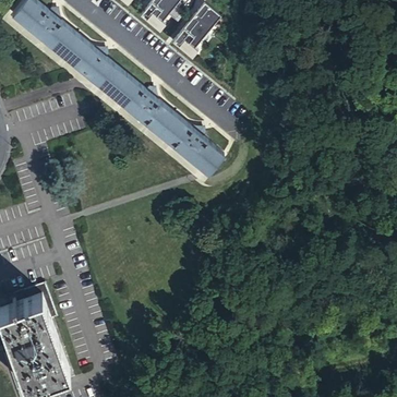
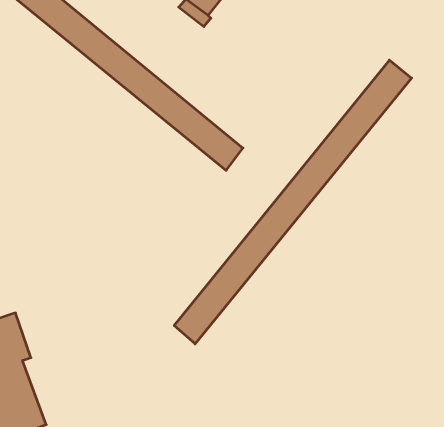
building: none -> [174,60,412,344]

